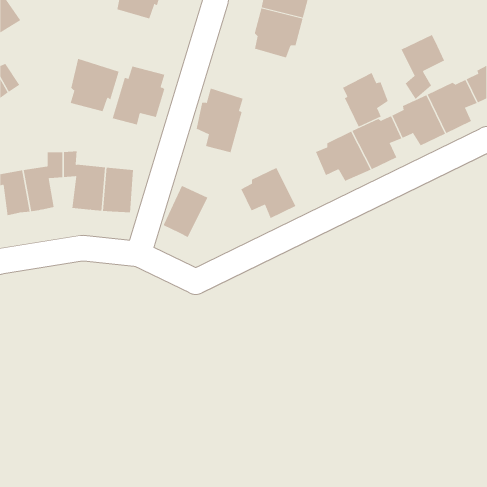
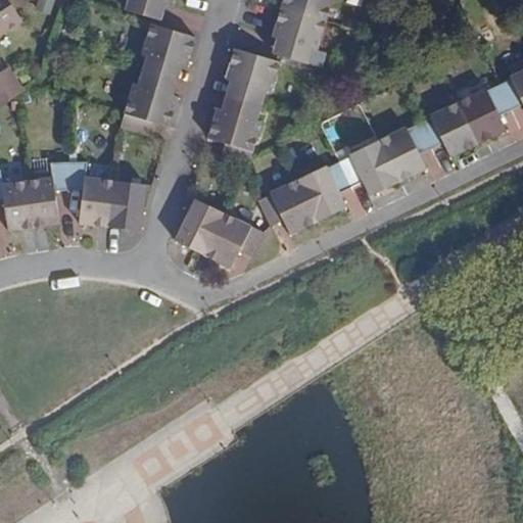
building: [401,34,445,100] -> none
building: none -> [225,48,278,105]
building: [70,58,119,112] -> [141,22,194,80]
building: [342,72,389,127] -> none
building: none -> [296,162,348,221]
building: none -> [201,211,263,268]

